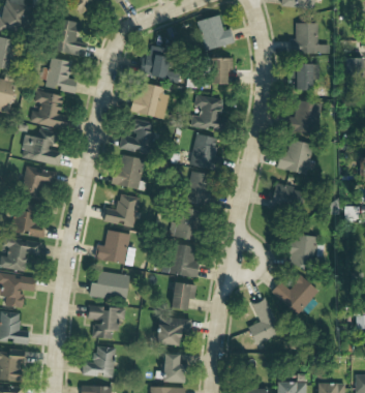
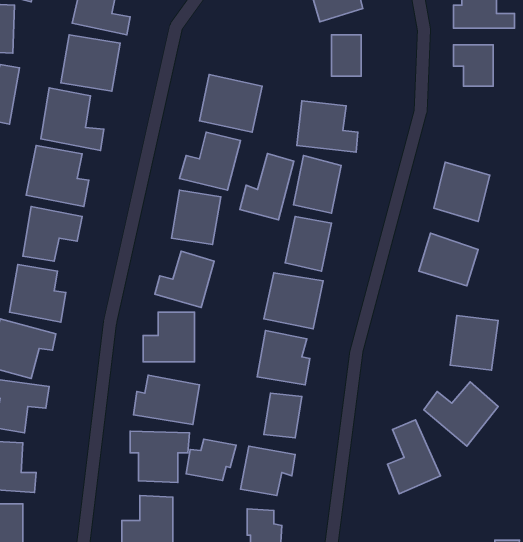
building: [140,43,181,84] -> none
building: [290,99,321,135] -> none
building: none -> [240,153,294,220]
building: none -> [186,439,236,480]

